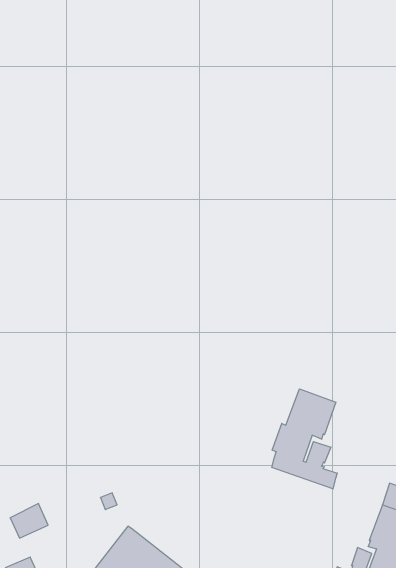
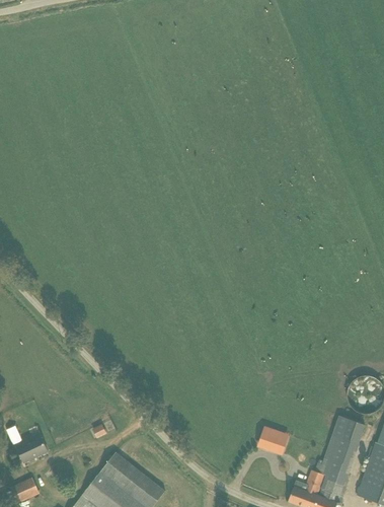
building: [272,389,337,489] -> none
building: none -> [256,427,282,453]

